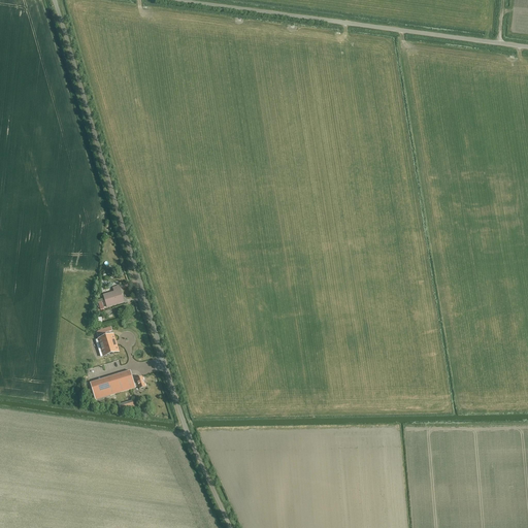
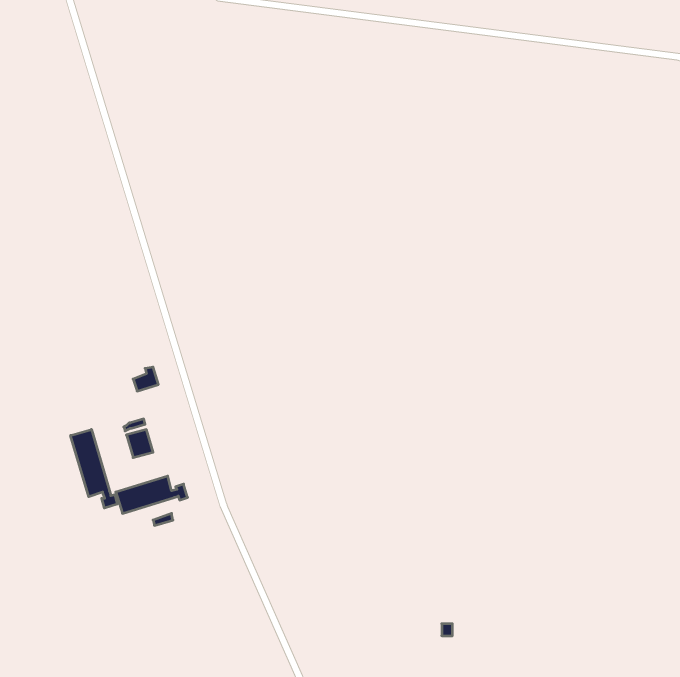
building: none -> [71,429,117,508]

